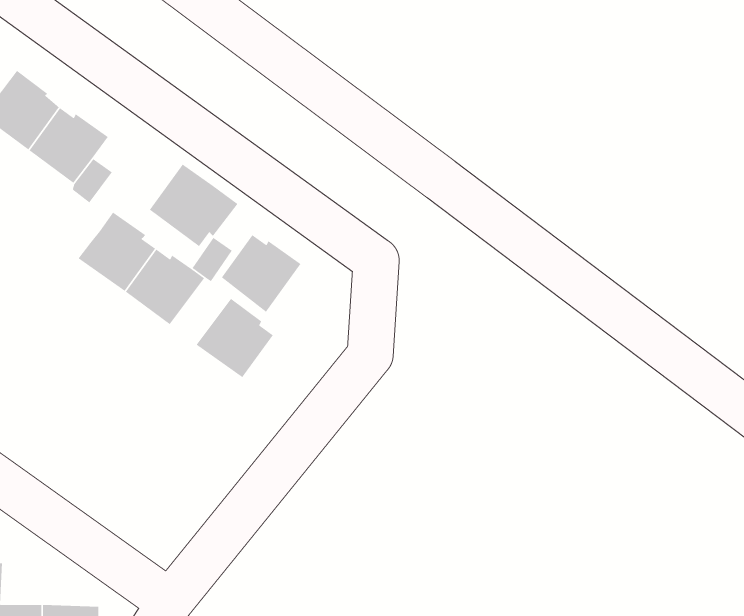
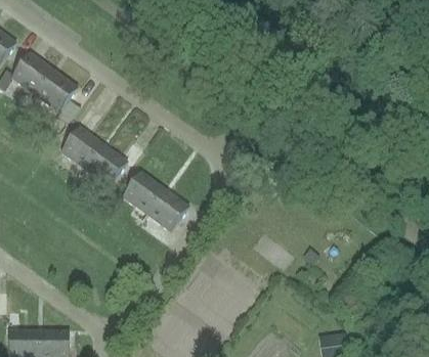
building: [149,164,238,247] -> none
building: [221,234,301,313] -> [145,189,187,230]

